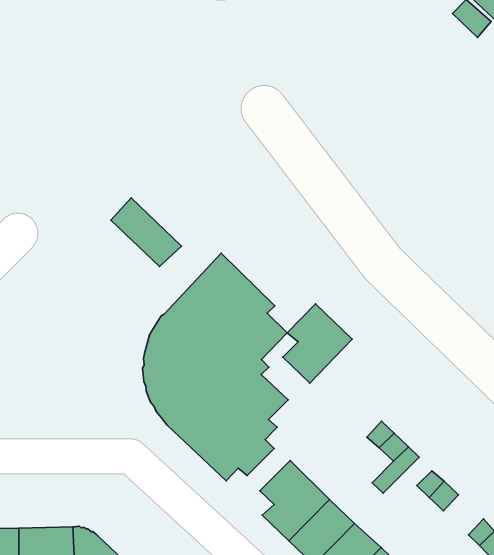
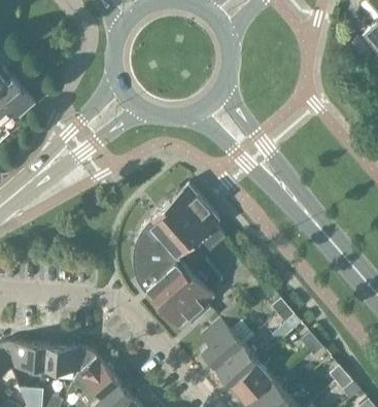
building: [111,198,181,267] -> none
building: [283,304,352,383] -> none

